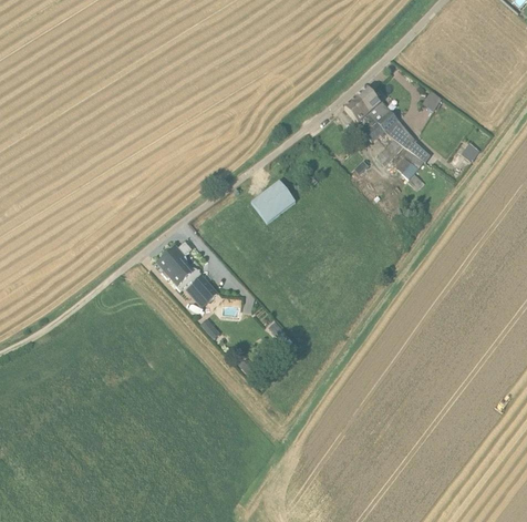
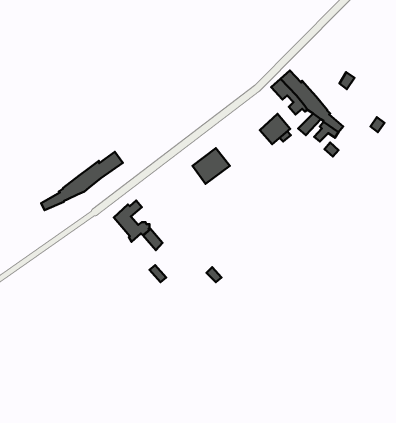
building: none -> [260,114,290,144]
building: none -> [41,152,123,210]

